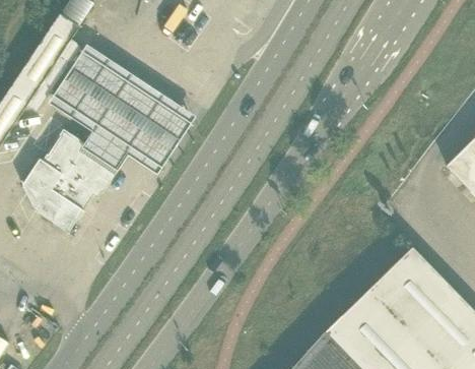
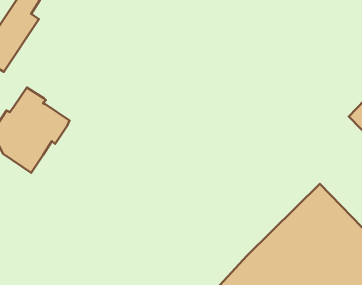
building: [50,54,197,185] -> none

